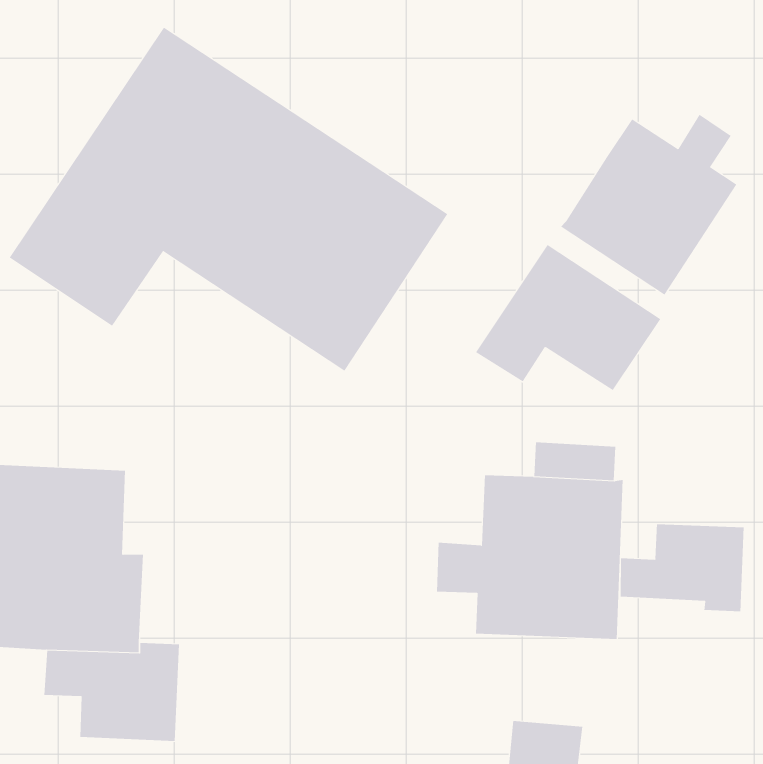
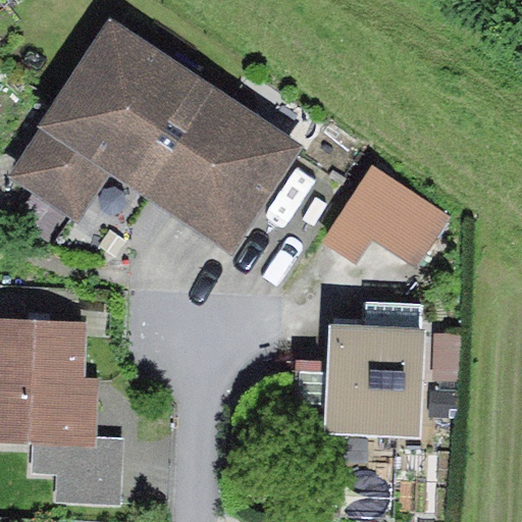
building: [560,114,737,296] -> none
building: [620,524,744,612] -> none

